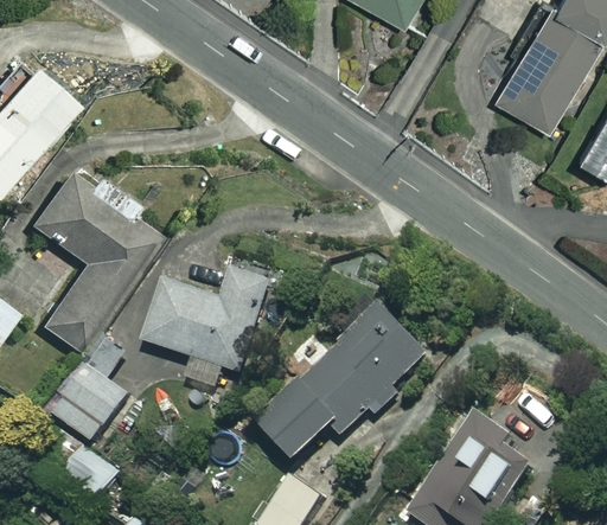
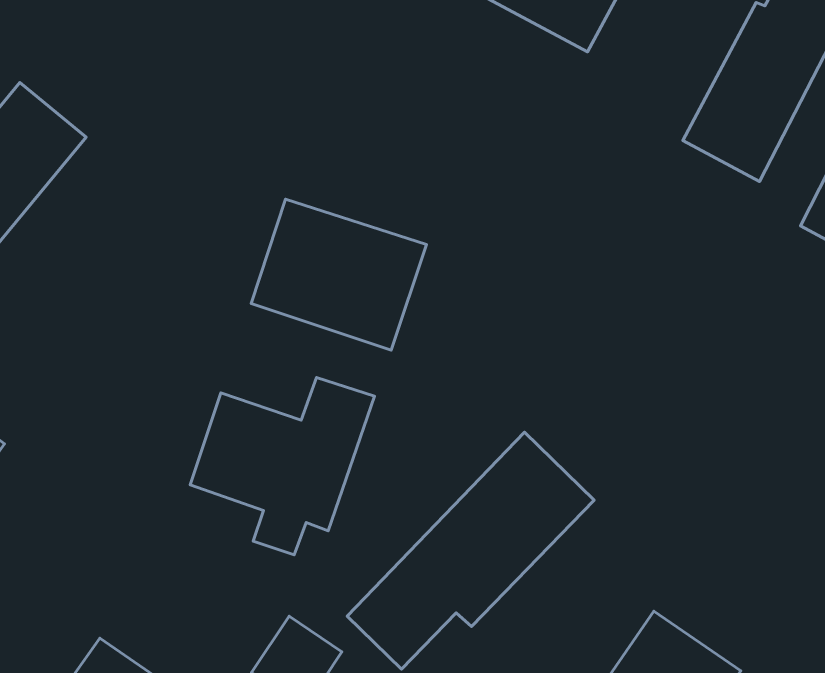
building: none -> [251,199,427,350]
building: [26,168,158,351] -> none
building: [55,364,130,442] -> none

